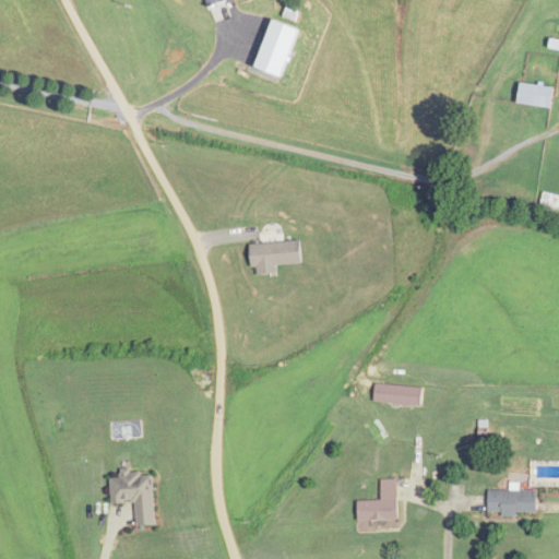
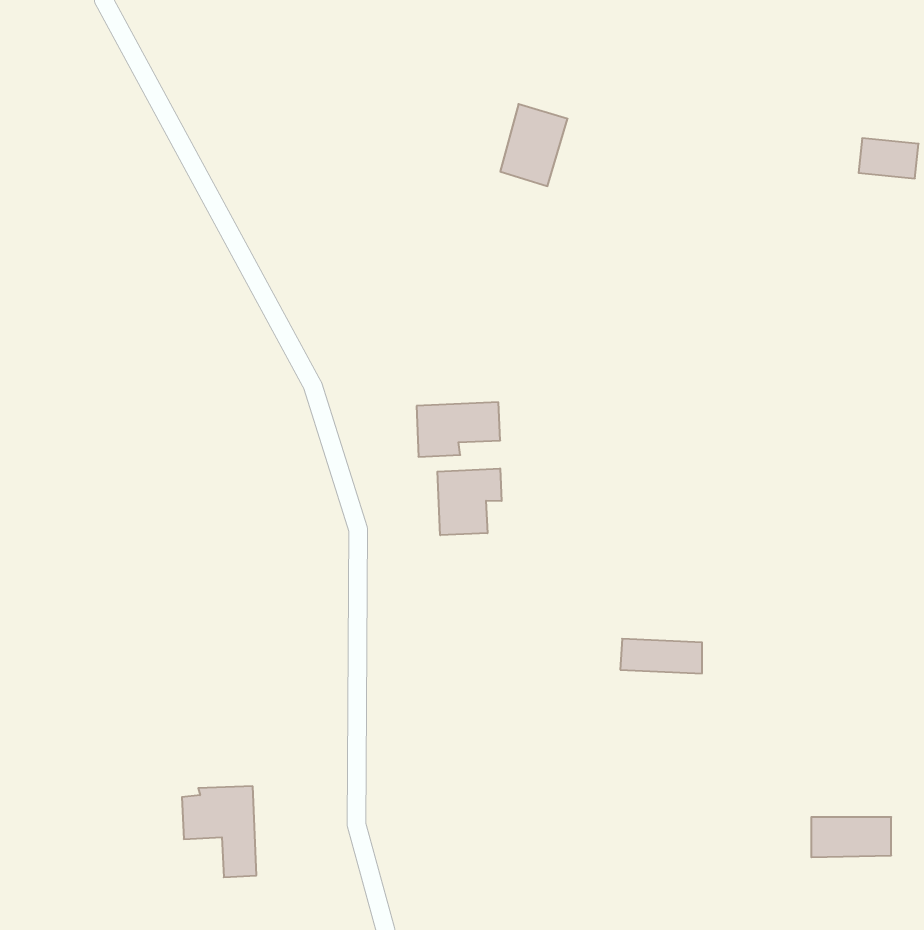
building: [253,27,294,76] -> [500,104,568,186]
building: none -> [437,468,502,535]
building: [356,479,397,521] -> none

